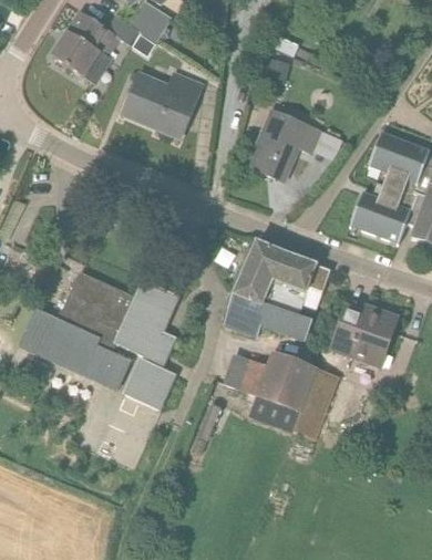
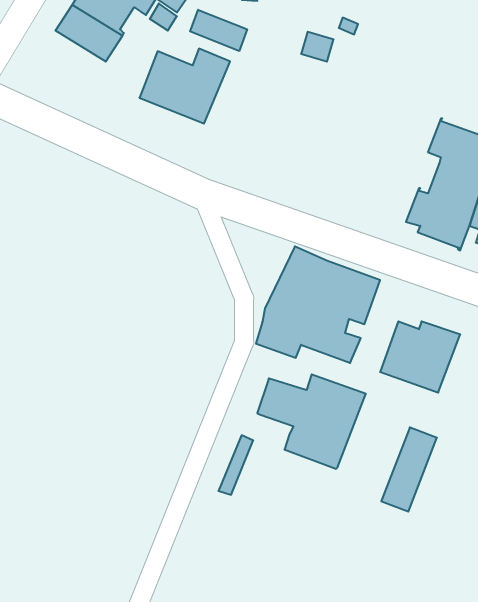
building: none -> [190,10,247,51]
building: [249,111,320,179] -> none
building: [20,272,177,408] -> none
building: [294,367,341,439] -> [381,427,437,512]

